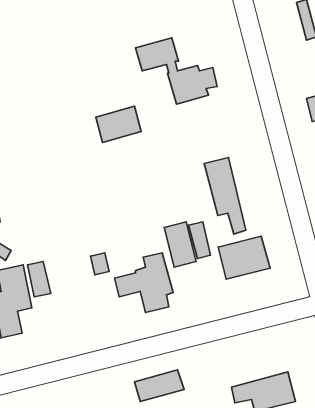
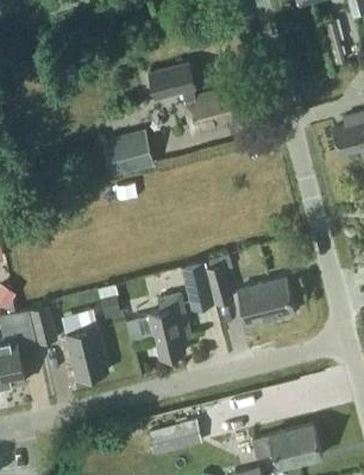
building: [204,157,246,234] -> none
building: none -> [67,324,108,377]

